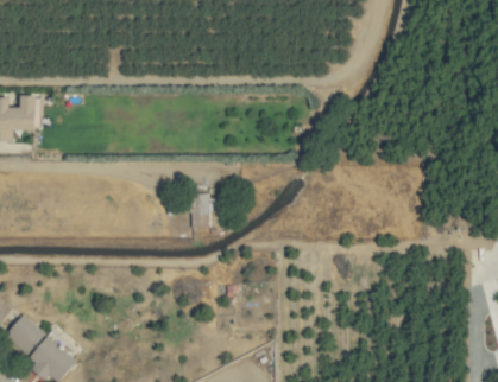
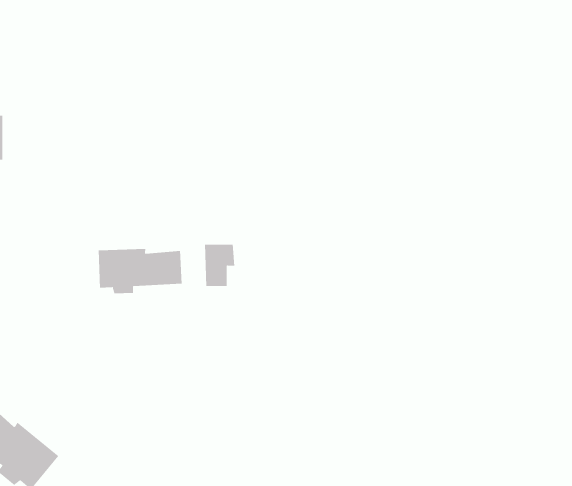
building: none -> [98,248,182,294]

